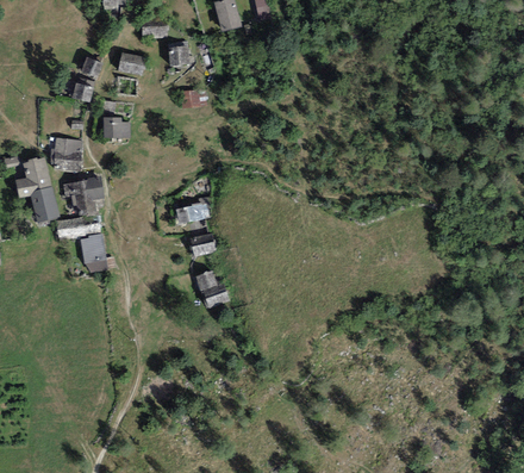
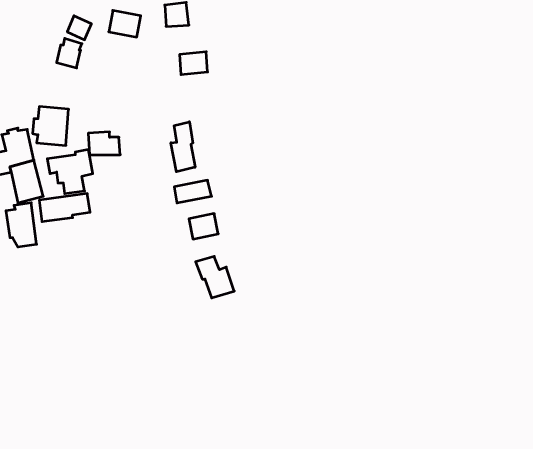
building: [102,117,131,137] -> [88,132,120,155]
building: none -> [171,122,195,172]
building: [80,232,107,272] -> [6,203,37,247]

